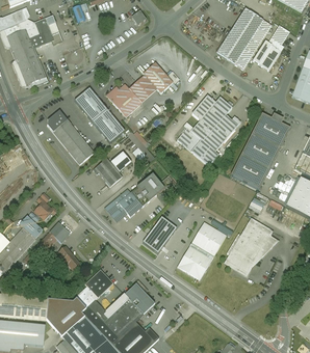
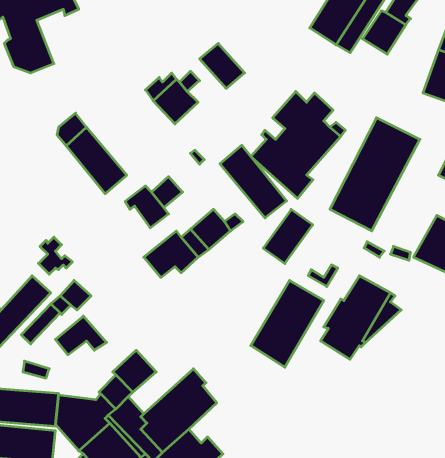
building: [78,90,123,139] -> [220,145,287,218]
building: [143,216,176,252] -> [263,209,313,264]

